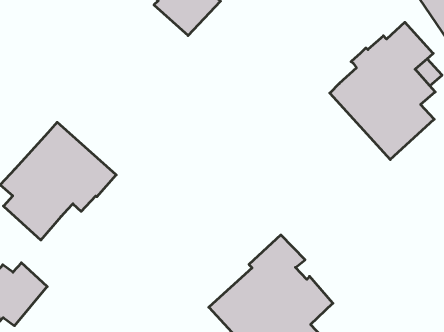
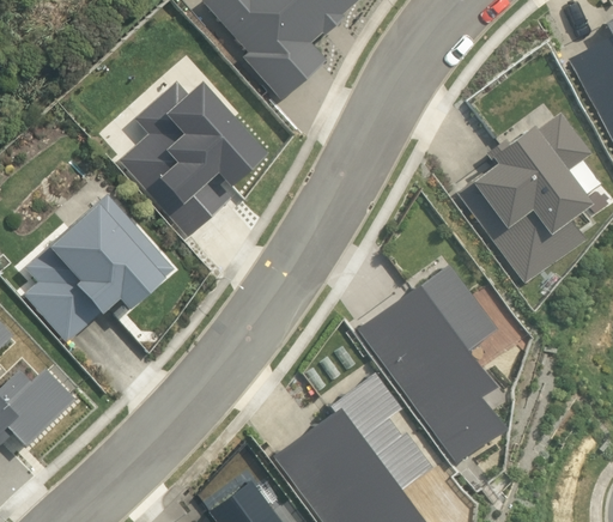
building: none -> [120,83,260,237]
building: none -> [359,265,499,463]

